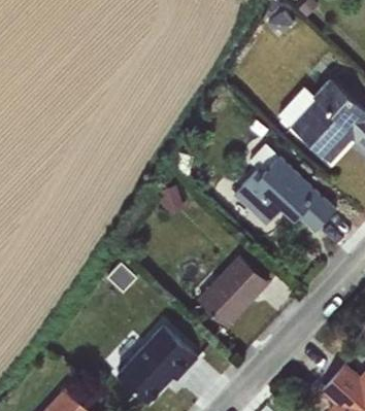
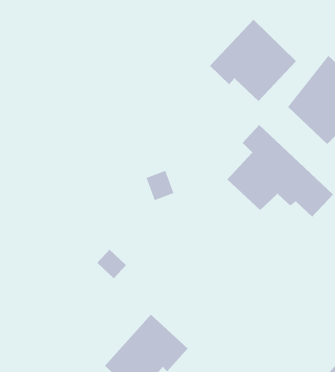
building: none -> [209,19,297,102]
building: [196,255,270,330] -> none

